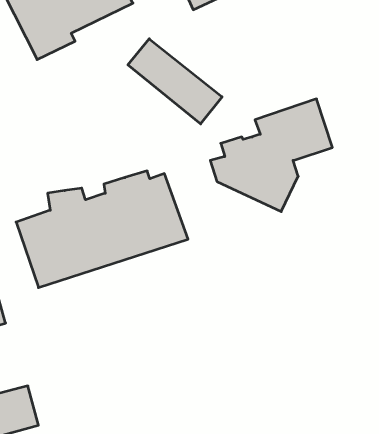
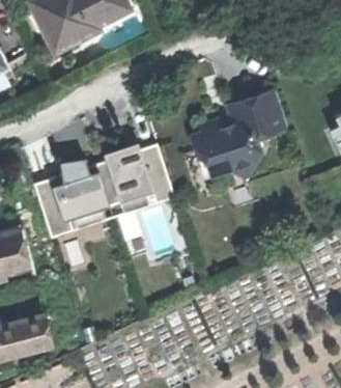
building: [128,39,222,124] -> none

